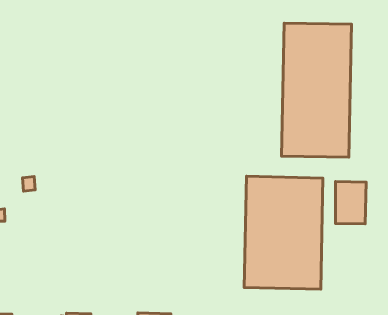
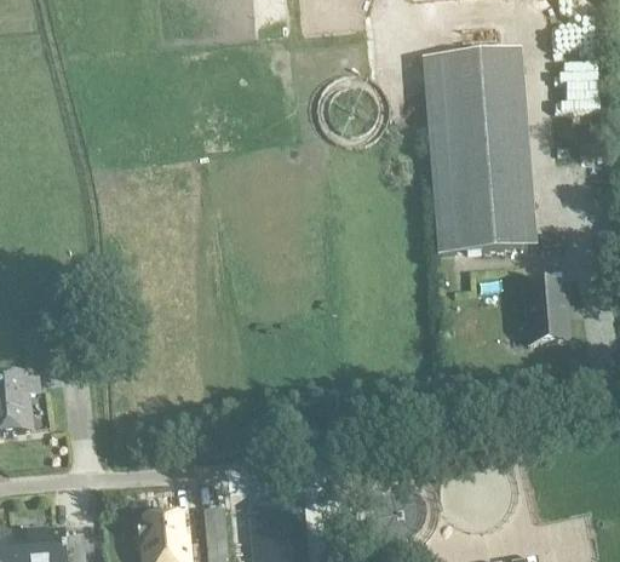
building: [244,176,323,289] -> none

